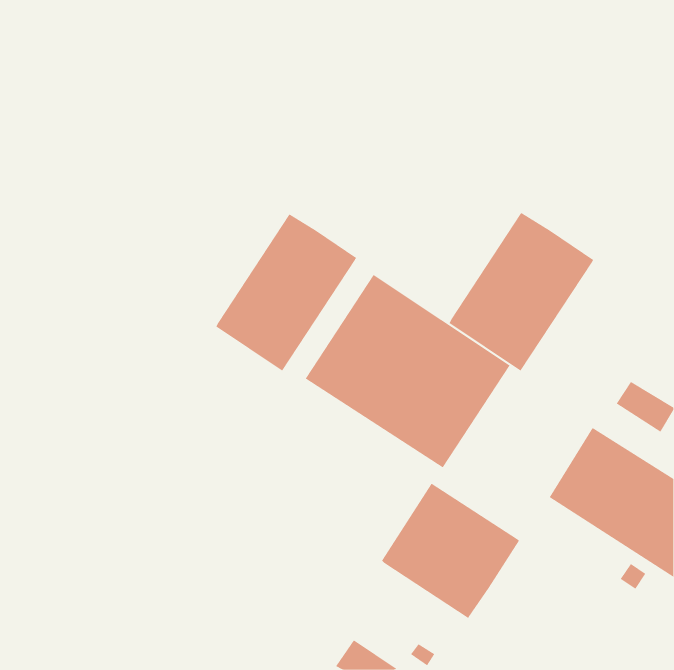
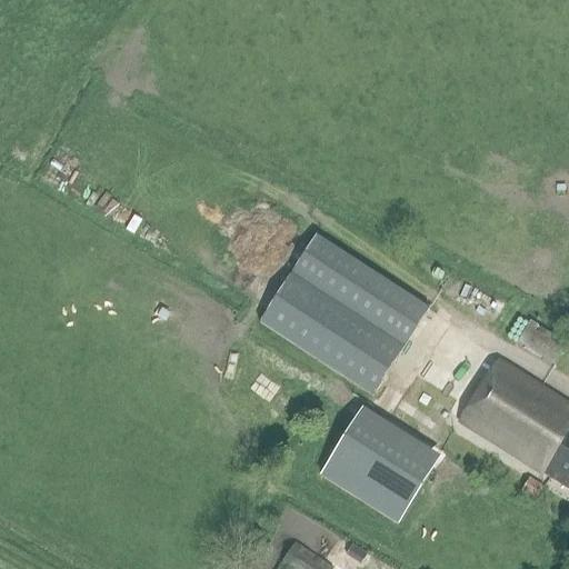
building: [449,212,594,371] -> none
building: [216,214,357,371] -> none

